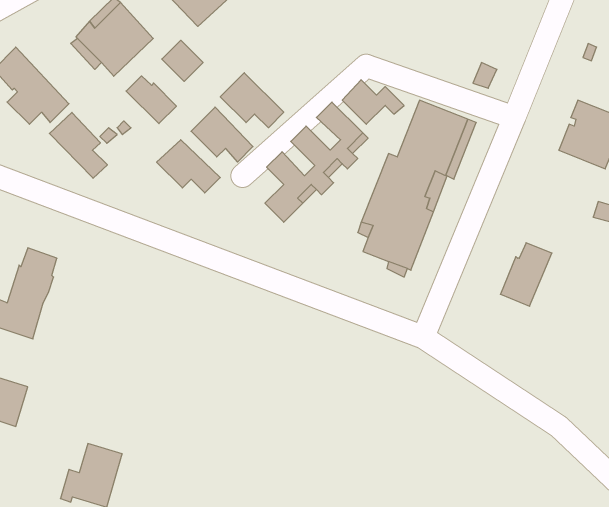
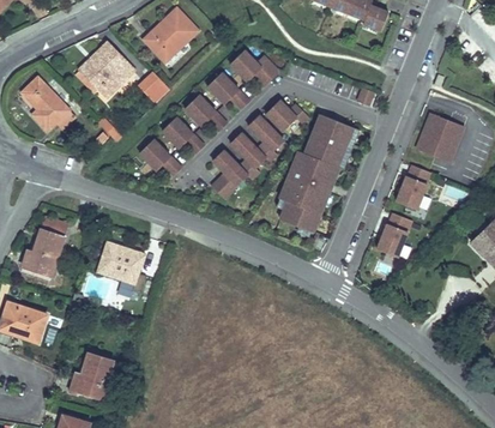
building: none -> [229,49,279,88]
building: none -> [205,68,248,106]
building: [126,76,176,124] -> none
building: [49,112,107,178] -> none
building: none -> [396,165,431,209]
building: none -> [98,241,145,291]

